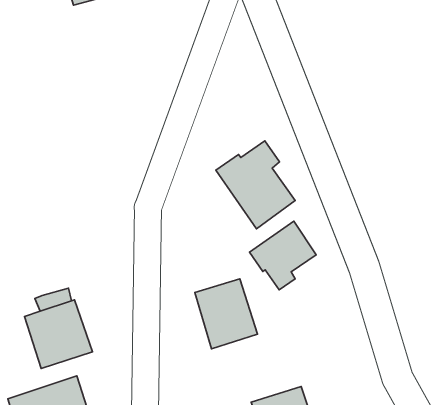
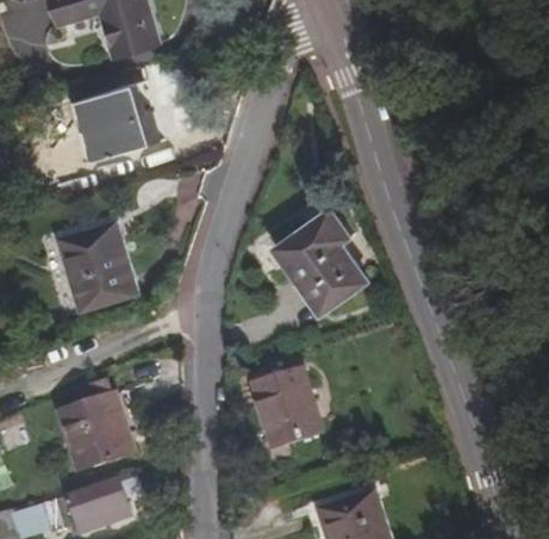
building: none -> [77,87,151,160]
building: none -> [57,222,138,312]
building: [249,221,316,290] -> none

